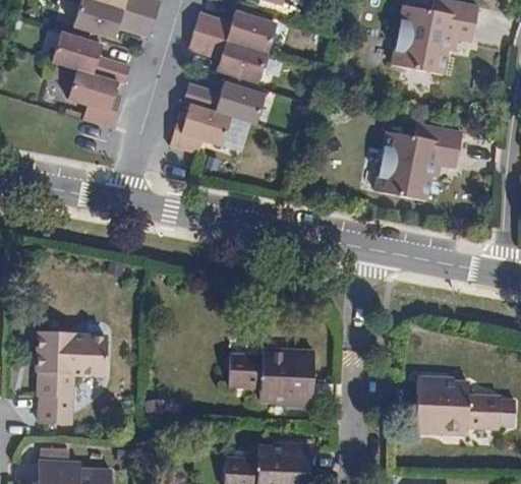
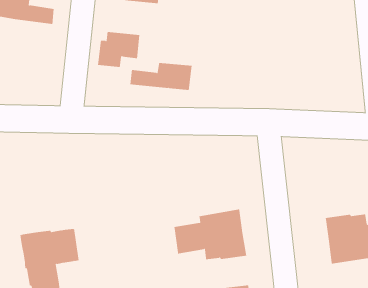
building: [66,67,123,126] -> none
building: [181,78,264,120] -> [130,62,193,91]
building: [378,128,463,204] -> none

